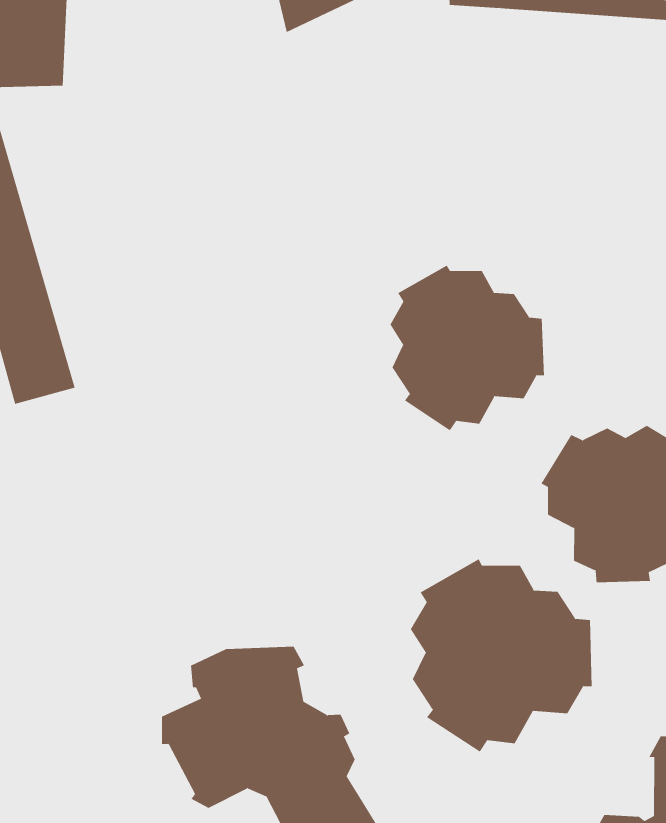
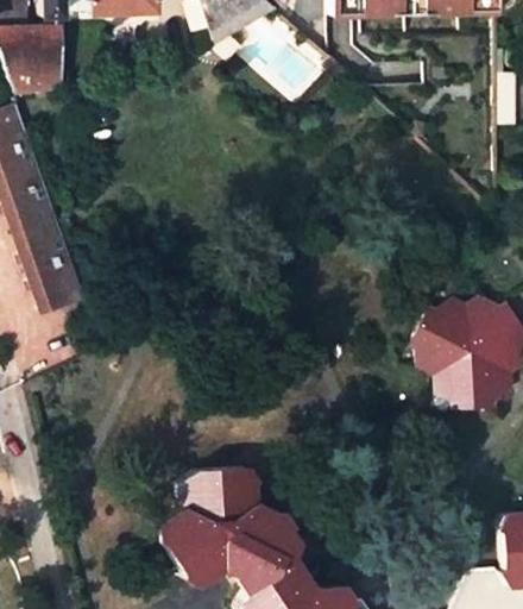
building: [390,265,544,431] -> none
building: [410,559,592,752] -> none

